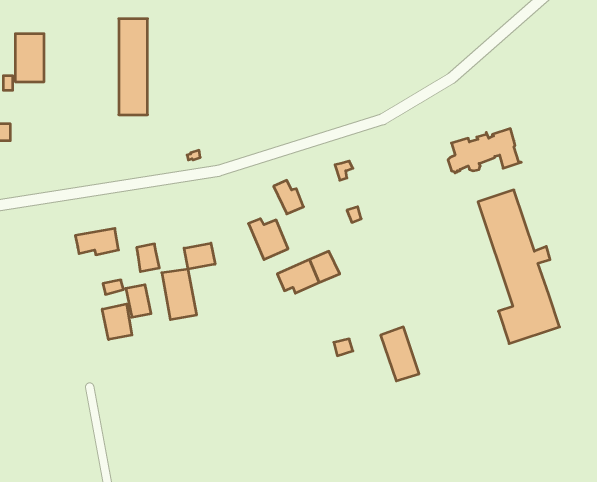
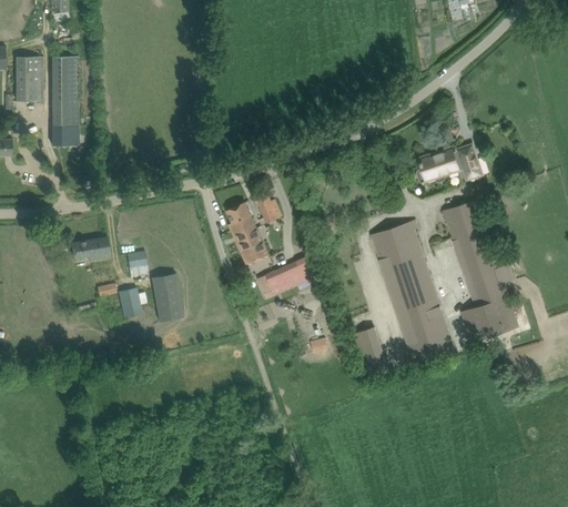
building: [119,19,148,115] -> [51,57,78,145]
building: none -> [225,202,256,233]
building: none -> [371,222,454,362]
building: [184,243,215,269] -> none
building: [102,304,132,340] -> none

